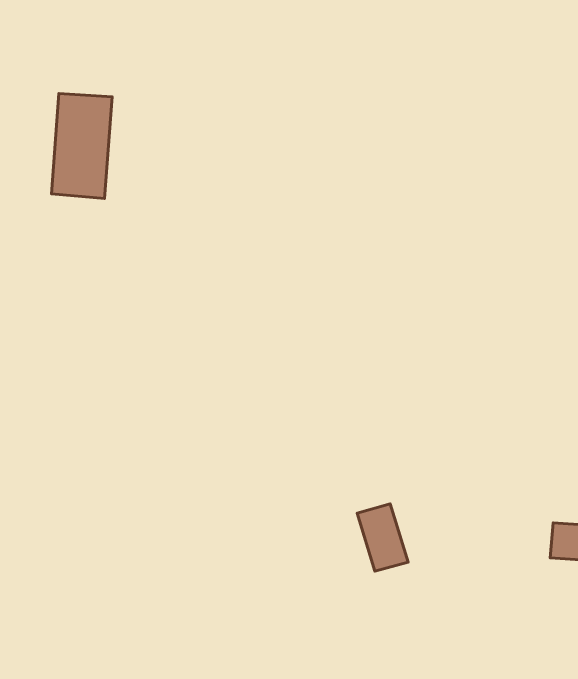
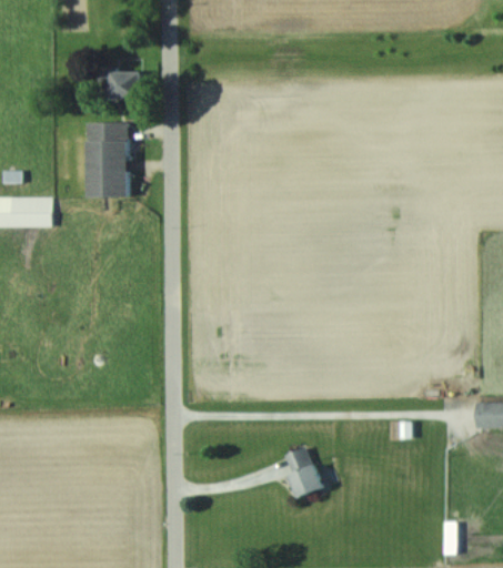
building: none -> [110,71,139,99]
building: [357,504,408,571] -> [281,446,321,496]

